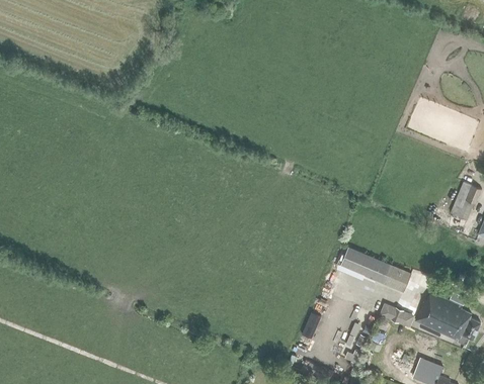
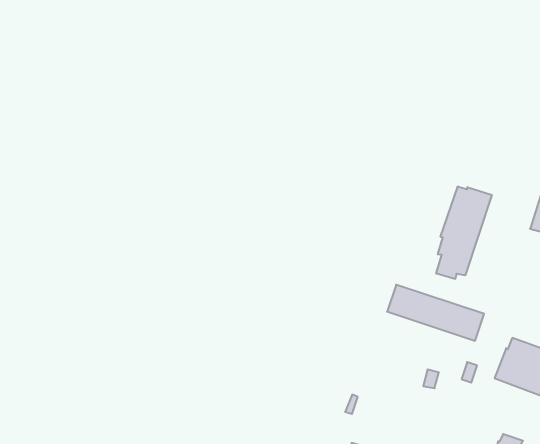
building: none -> [436,186,492,279]

